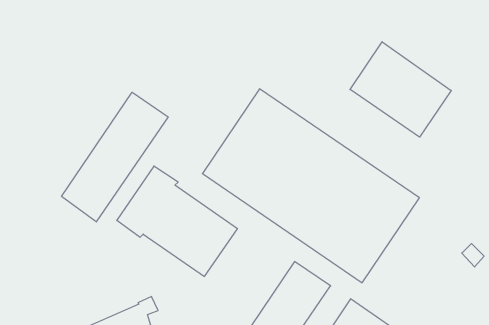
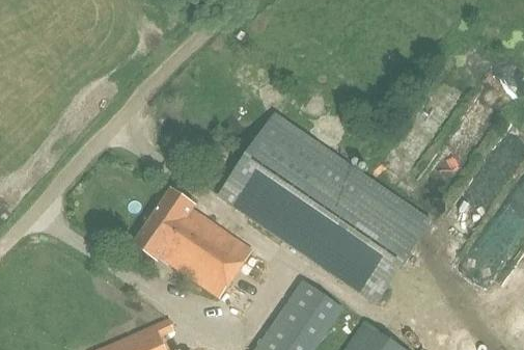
building: [350,42,451,137] -> none
building: [62,92,168,222] -> none

